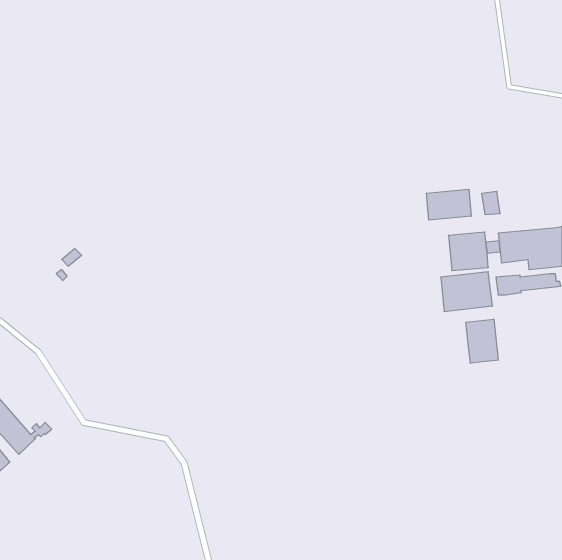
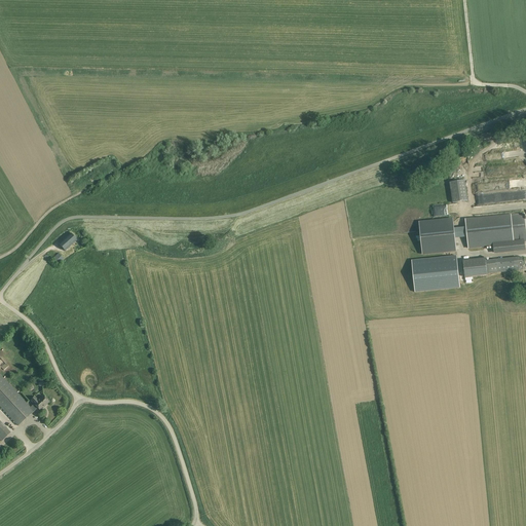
building: [427,189,471,220] -> none
building: [466,319,498,363] -> none

